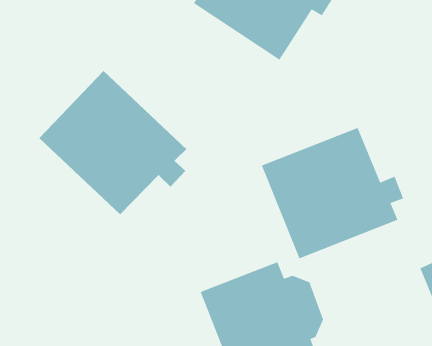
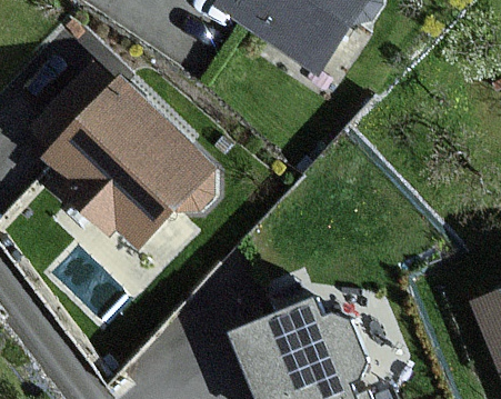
building: [261,127,404,259] -> none

